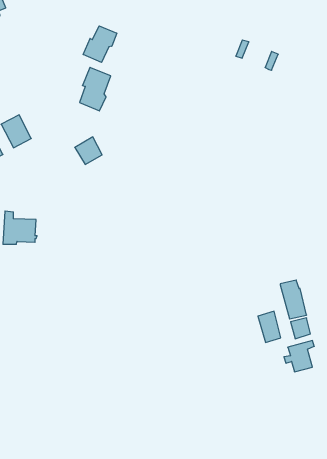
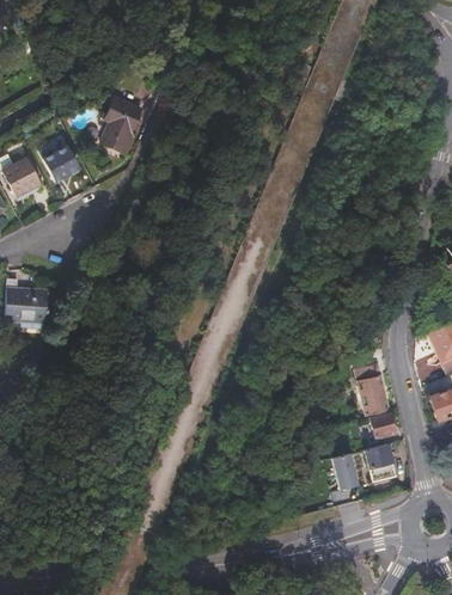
building: [83,26,117,62] -> none
building: [75,137,102,164] -> [43,146,78,180]
building: [258,311,281,342] -> [331,450,360,490]

